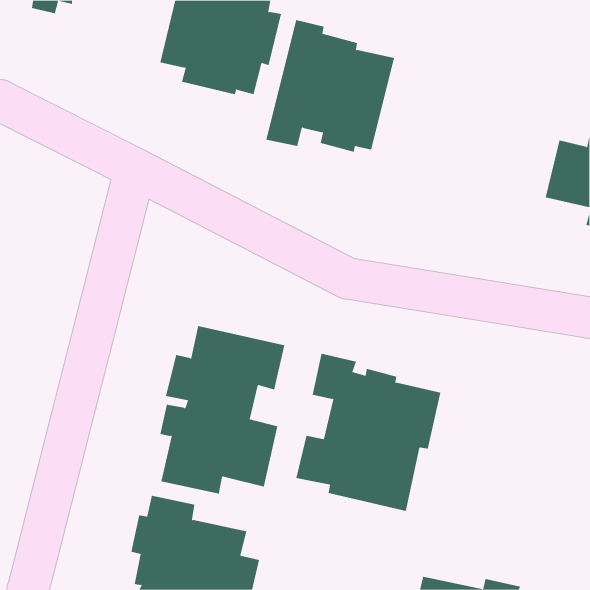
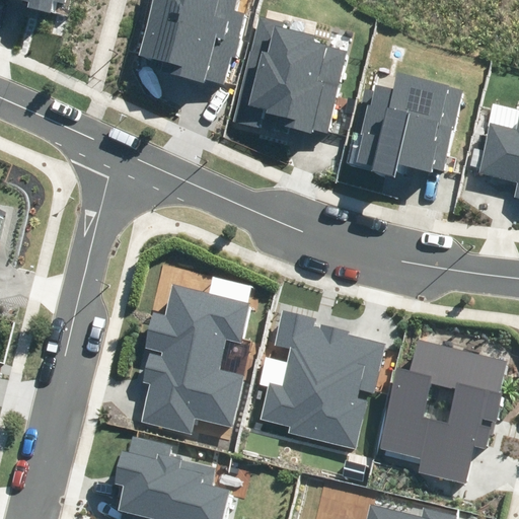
building: none -> [354,72,463,177]
building: none -> [378,340,509,484]

